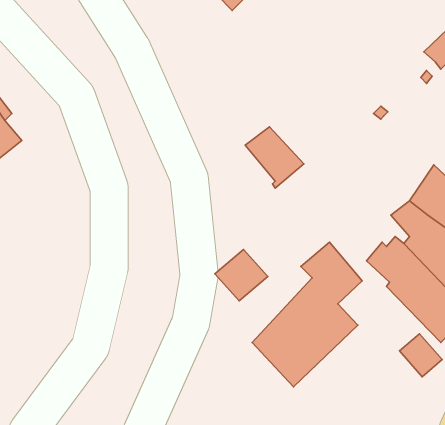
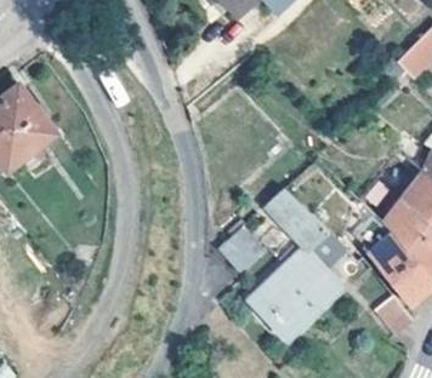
building: [245,127,304,188] -> [267,189,317,241]

